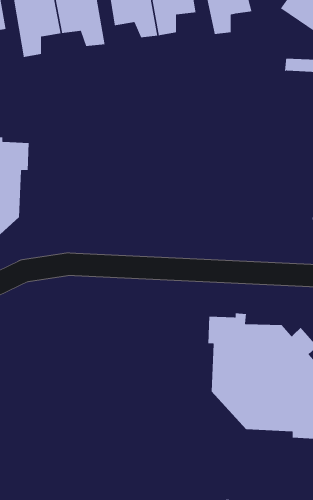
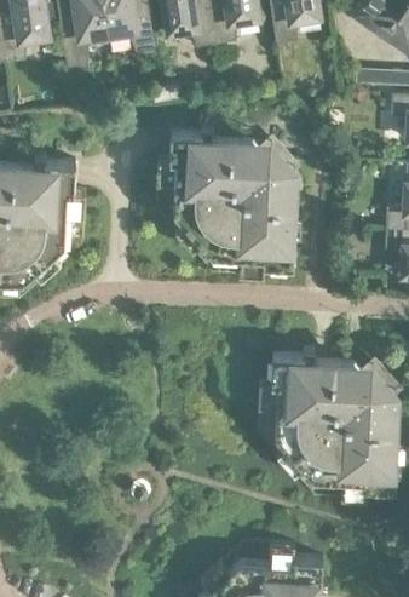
building: none -> [168,127,300,264]

